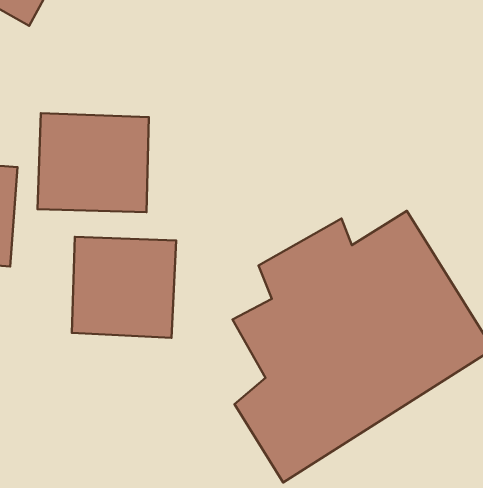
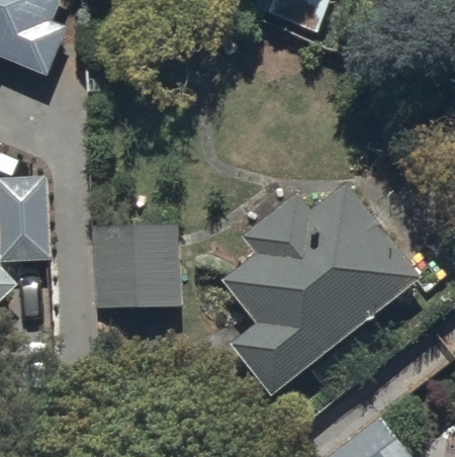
building: [38,113,149,212] -> none

